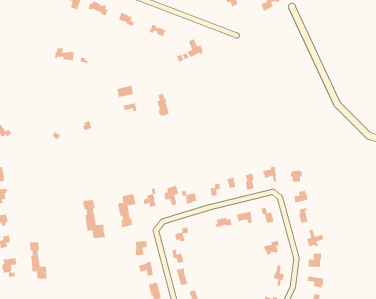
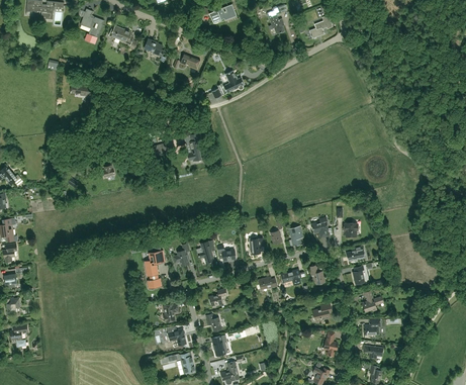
building: [83,200,105,239] -> none
building: [29,242,47,280] -> none

